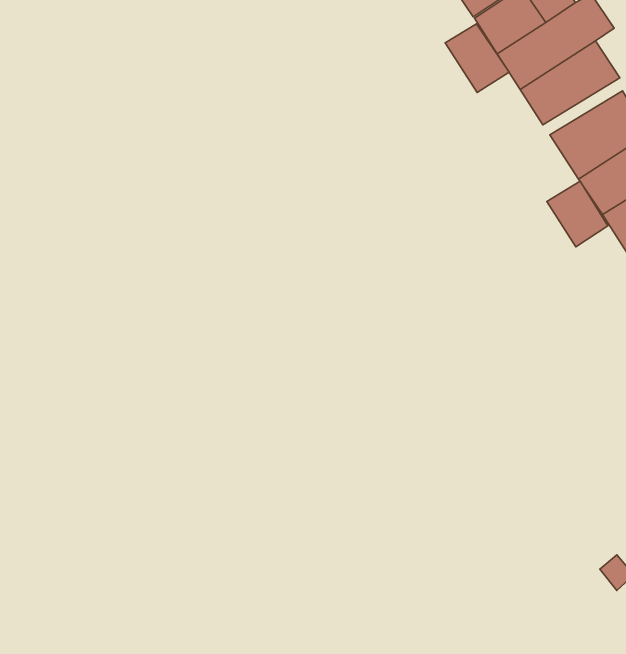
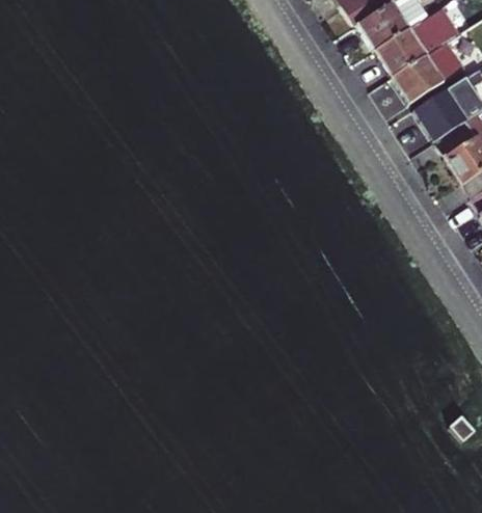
building: [445,24,509,92] -> none
building: [547,181,608,247] -> none

